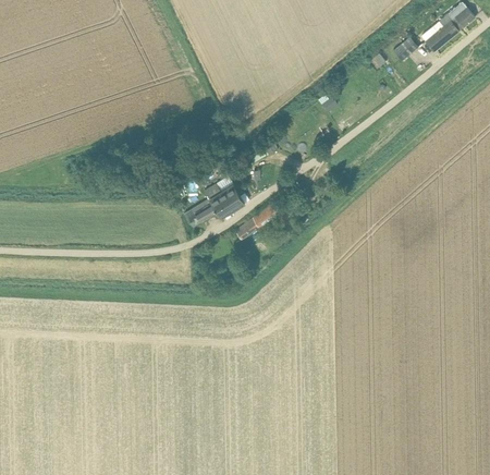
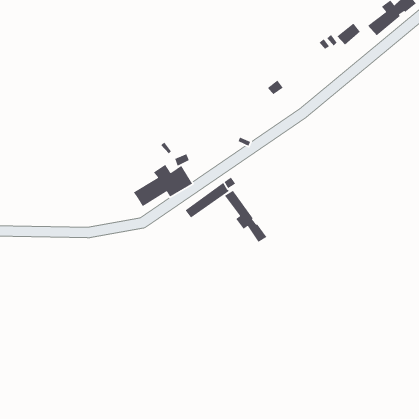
building: none -> [224,190,267,243]

